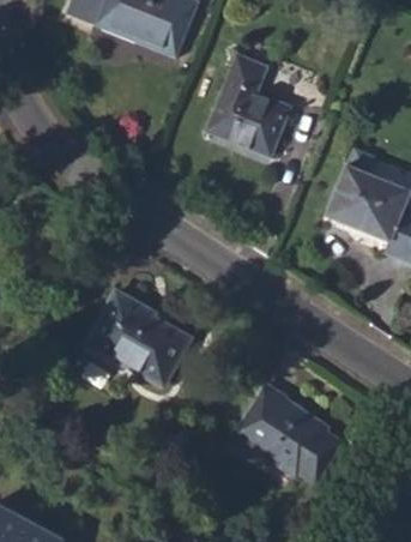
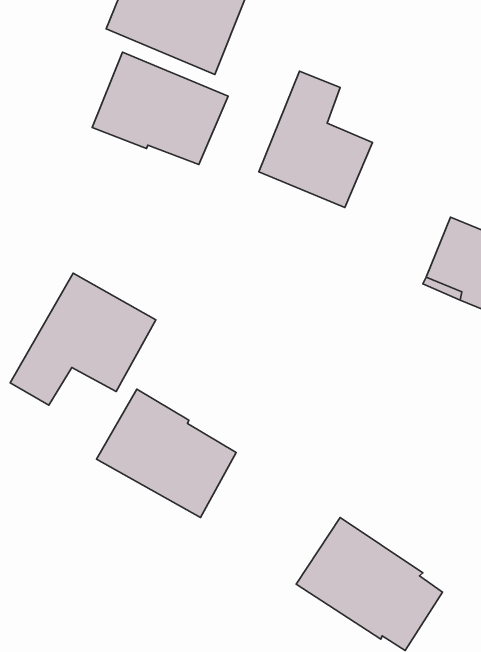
building: none -> [92,52,228,165]
building: none -> [10,273,156,405]

